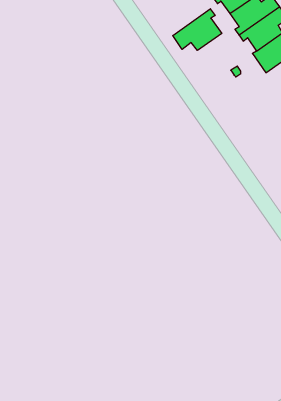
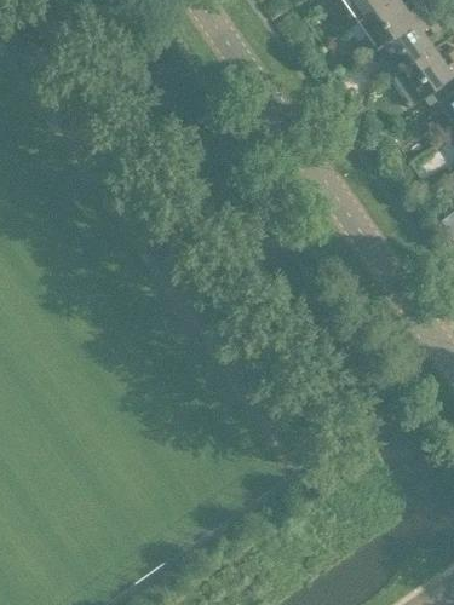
building: [173,9,222,50] -> none

